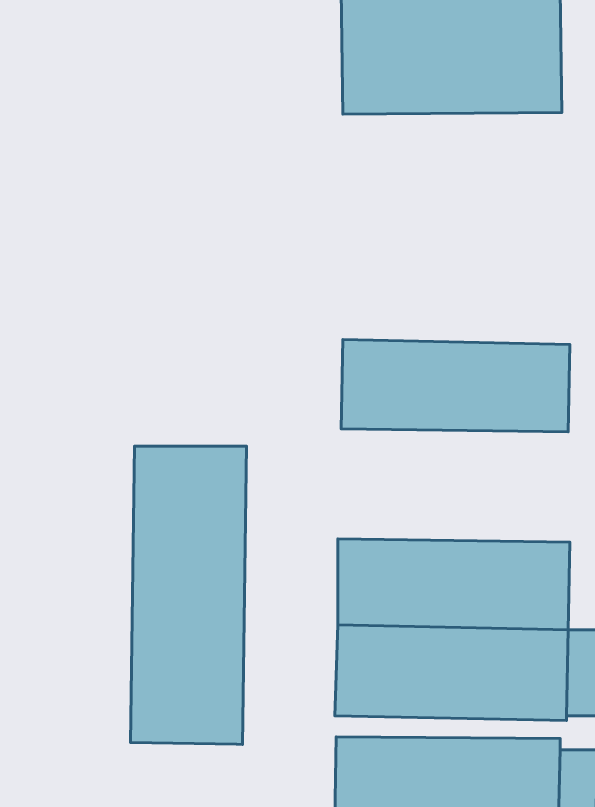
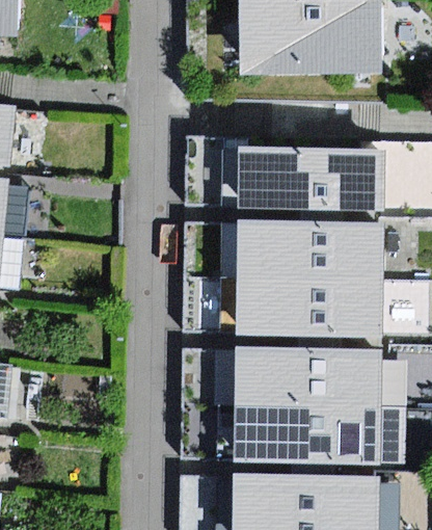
building: none -> [236,147,385,212]
building: none -> [238,277,383,338]
building: [130,446,247,744] -> none

